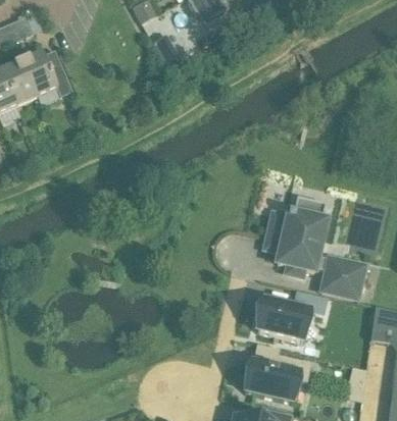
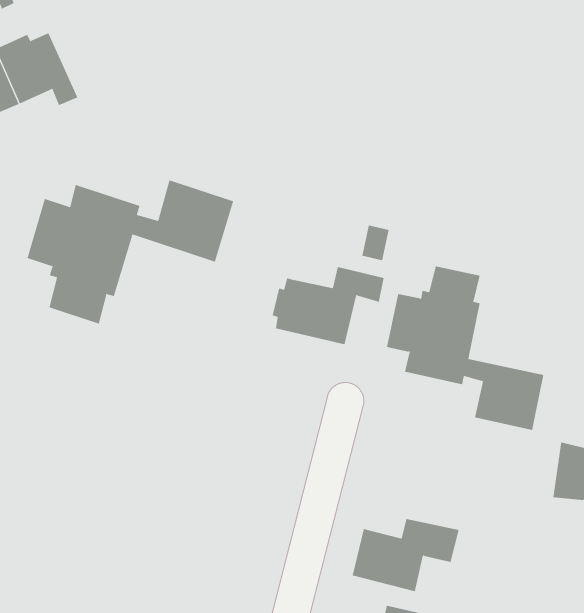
building: none -> [27,180,234,325]
building: [255,292,326,340] -> [272,266,384,345]

